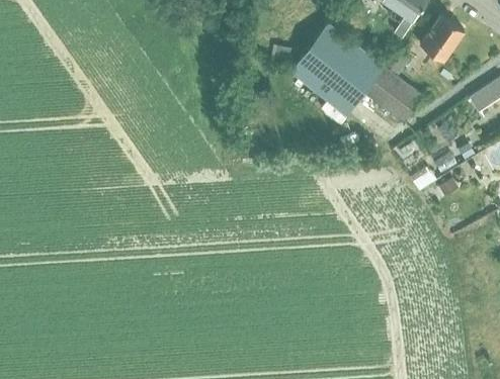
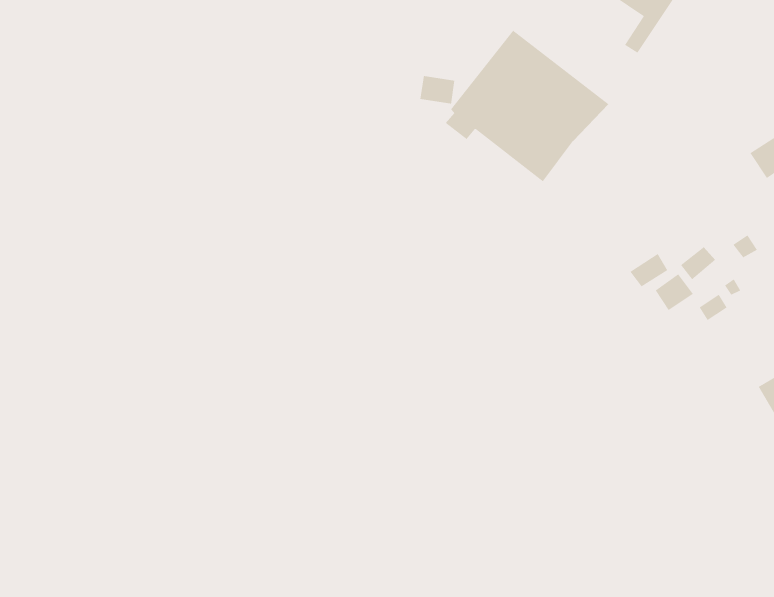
building: [420,14,465,60] -> none
building: [346,54,423,121] -> none

